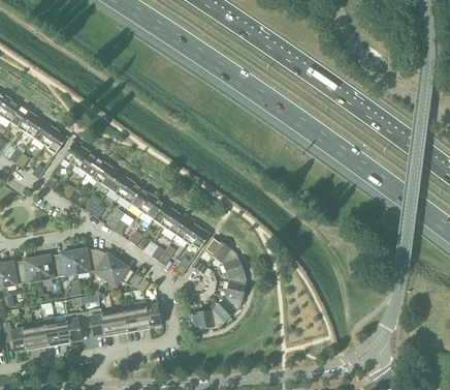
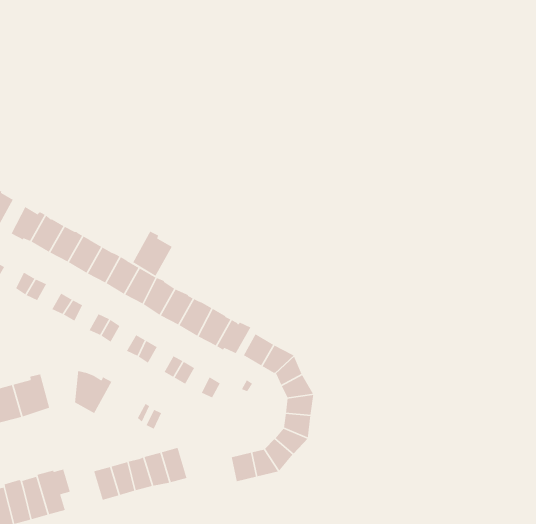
building: none -> [132,231,173,277]
building: [73,249,97,273] -> none
building: [105,260,133,287] -> none
building: [83,308,105,337] -> none

